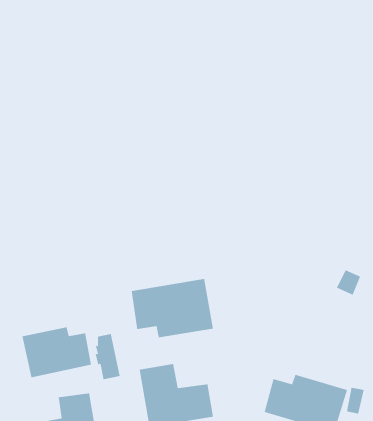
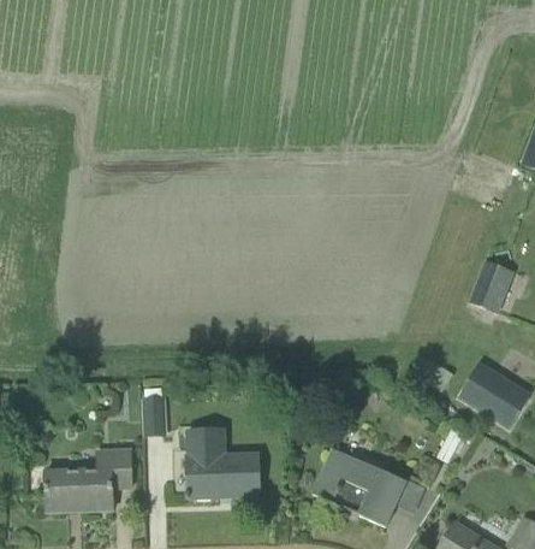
building: [131,278,214,338] -> none
building: [22,326,91,378] -> none

